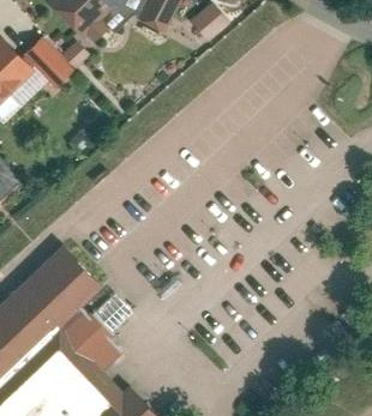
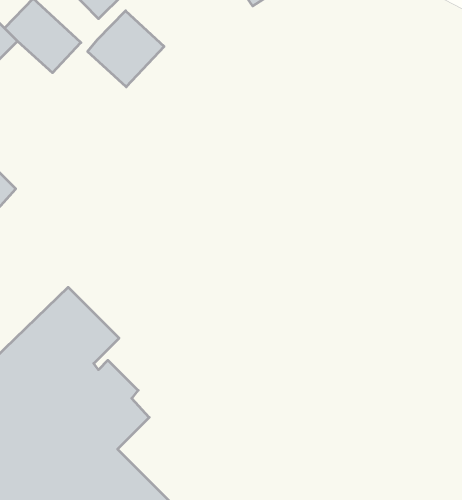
building: none -> [88,11,164,87]

